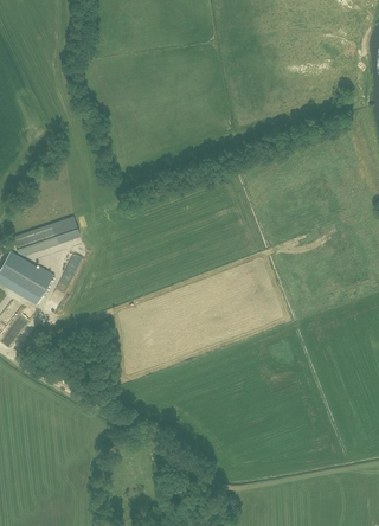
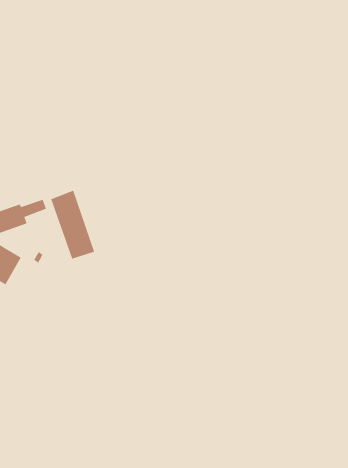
building: none -> [50,190,95,259]

